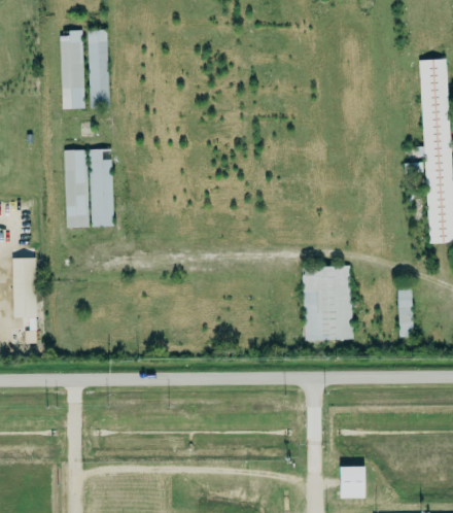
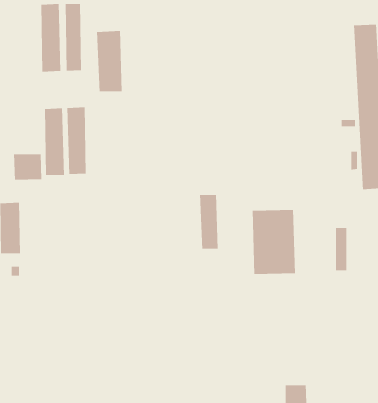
building: none -> [96,30,123,92]
building: none -> [13,154,42,180]
building: none -> [199,194,218,249]

